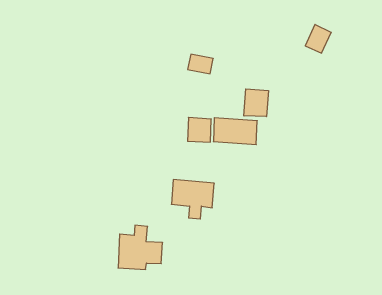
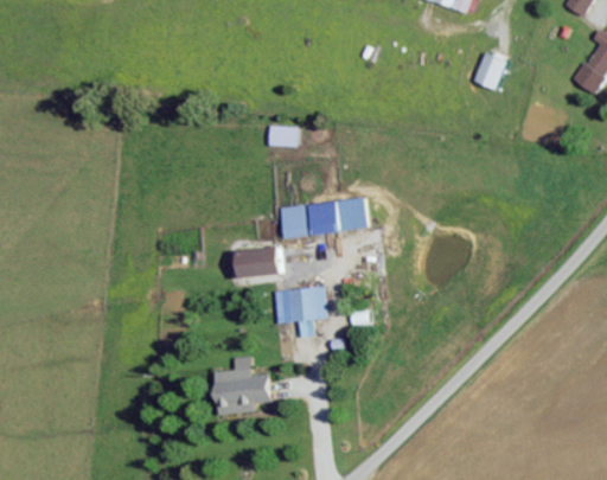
building: [305,24,331,53] -> [471,52,501,88]
building: [244,89,268,117] -> none
building: none -> [243,248,286,276]

